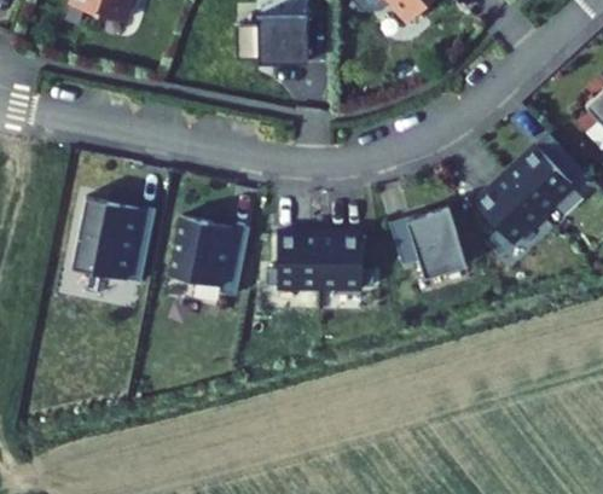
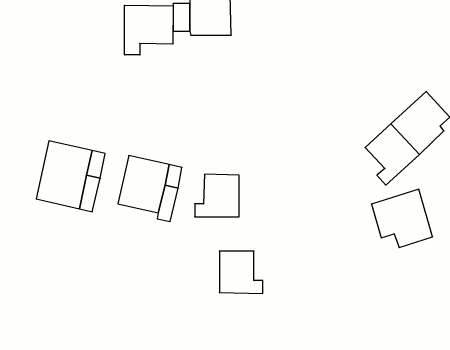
building: none -> [125,5,173,55]
building: [392,207,466,278] -> [371,189,433,248]
building: [319,238,372,290] -> [219,251,263,293]

